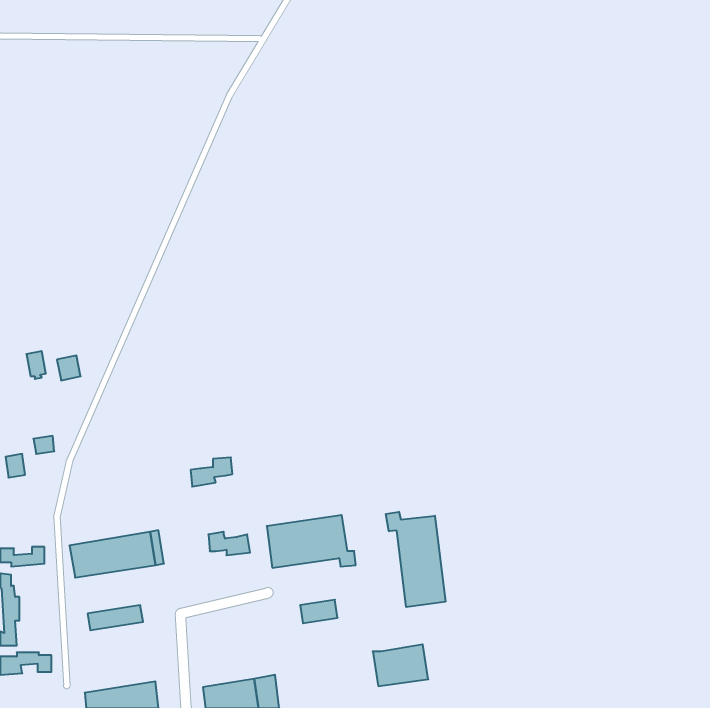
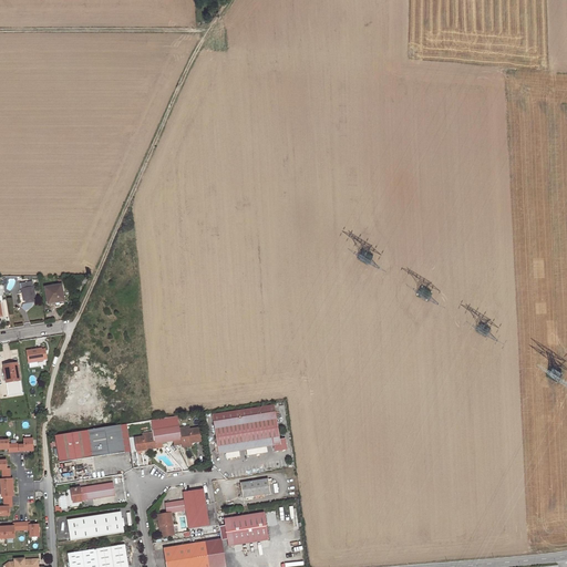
building: [191,457,232,487] -> [134,426,167,450]
building: [386,512,445,607] -> none
building: none -> [157,488,207,536]
building: none -> [68,512,123,540]
building: [373,644,428,686] -> [223,512,267,545]

